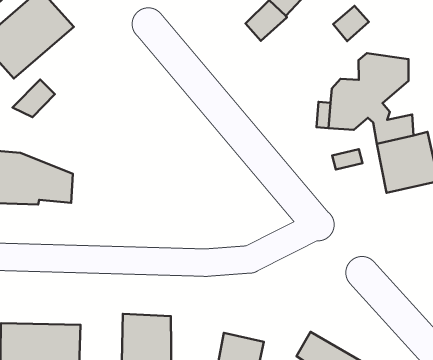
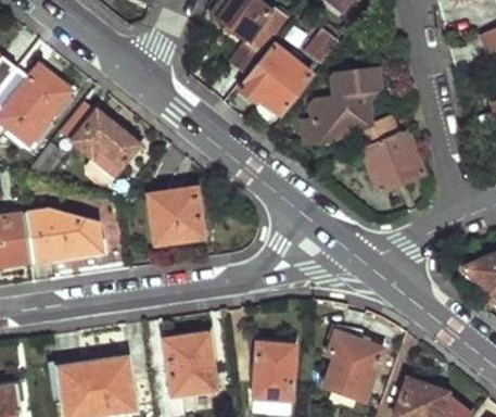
building: none -> [240,45,309,112]
building: none -> [61,101,138,175]
building: none -> [148,191,201,242]

